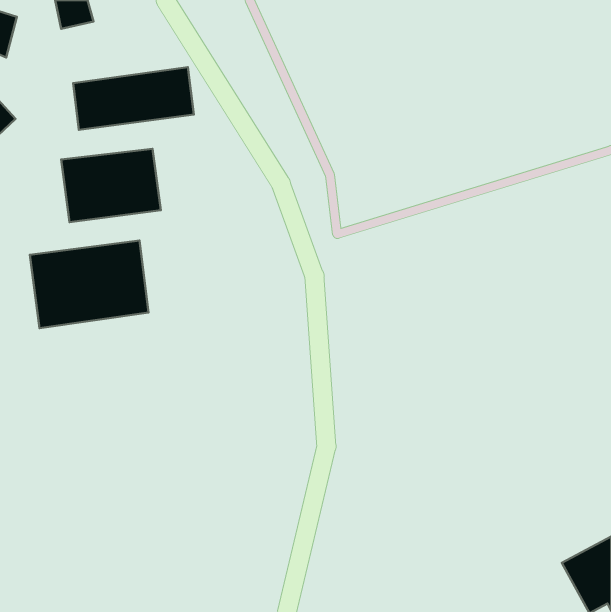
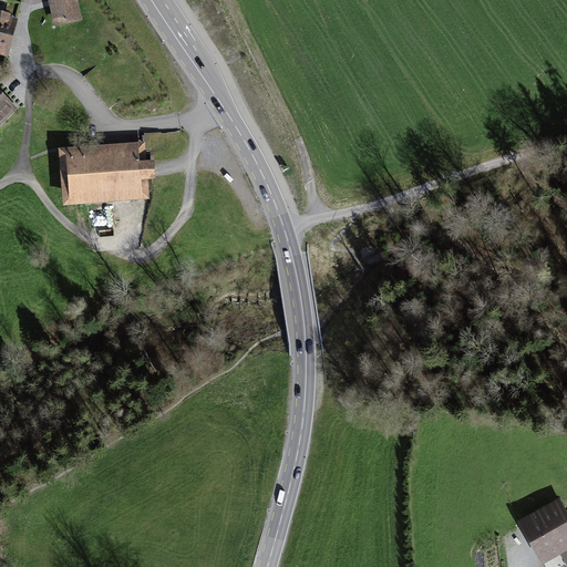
building: [73,67,194,130] -> none
building: [30,240,149,328] -> none

